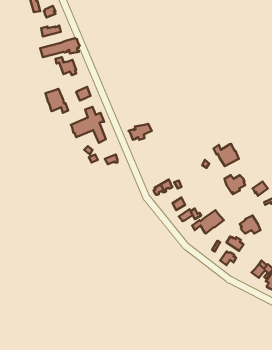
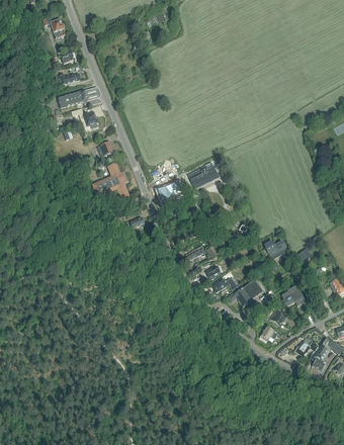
building: [45,89,68,113] -> none
building: none -> [187,162,220,190]
building: [213,144,239,166] -> none

